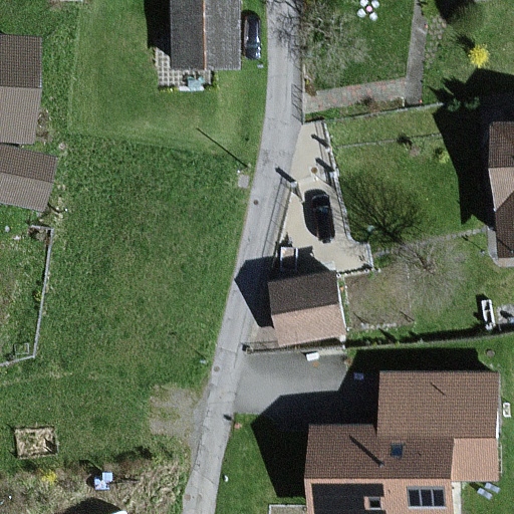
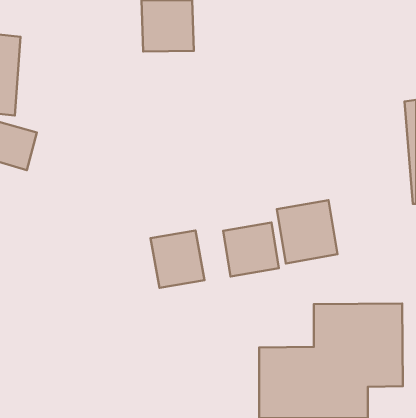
building: none -> [277,200,338,263]
building: none -> [151,230,204,288]

